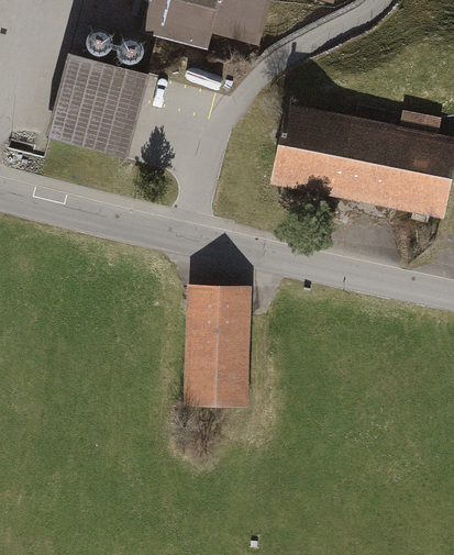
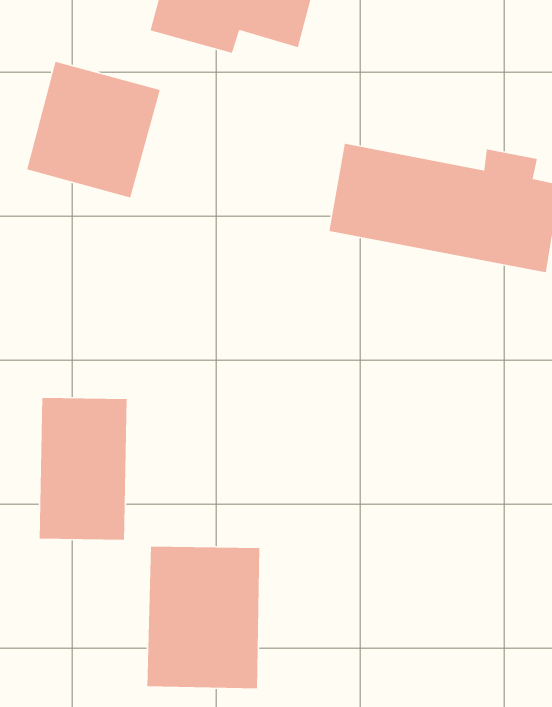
building: [182,291,251,401] -> [39,397,128,540]
building: none -> [146,546,260,689]

